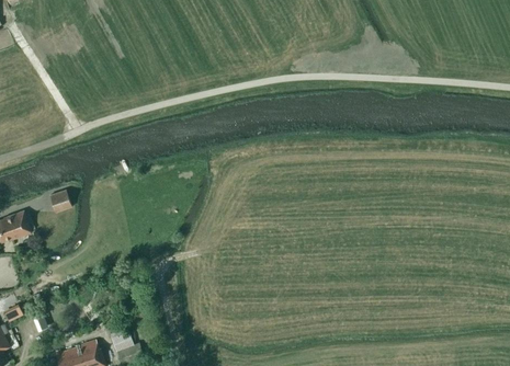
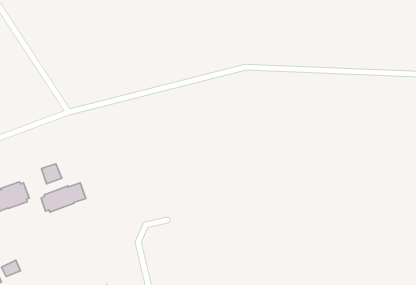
building: none -> [41,183,86,212]

